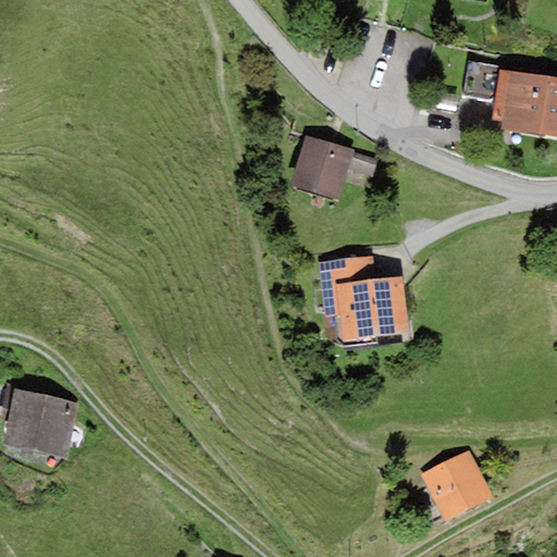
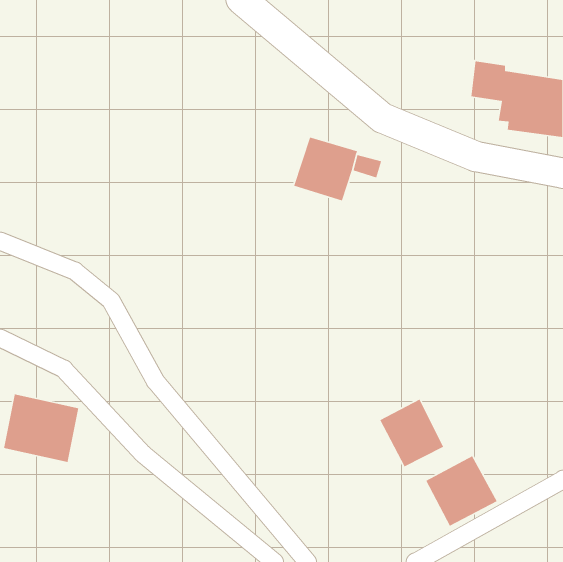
building: [319,256,409,341] -> none
building: none -> [379,399,444,468]

